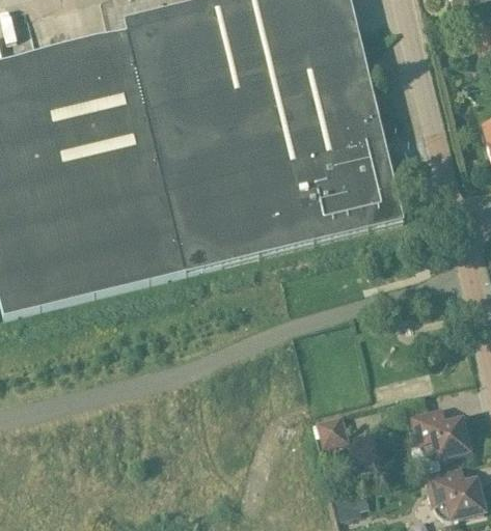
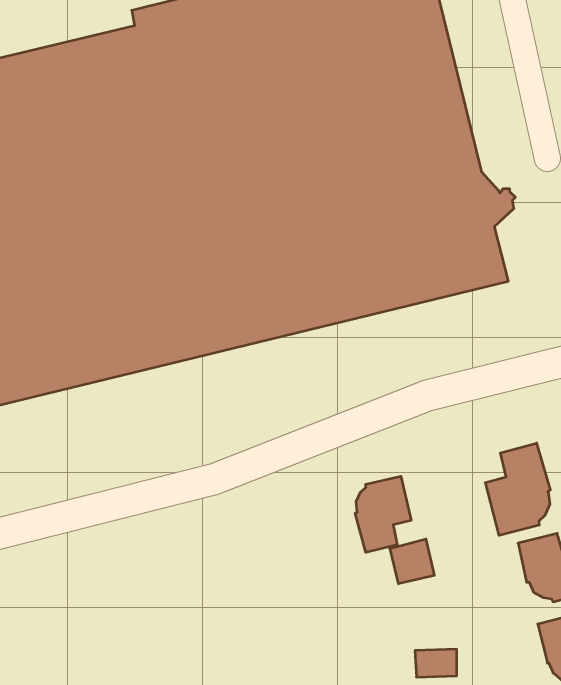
building: none -> [485,443,550,535]
building: none -> [355,476,411,552]

